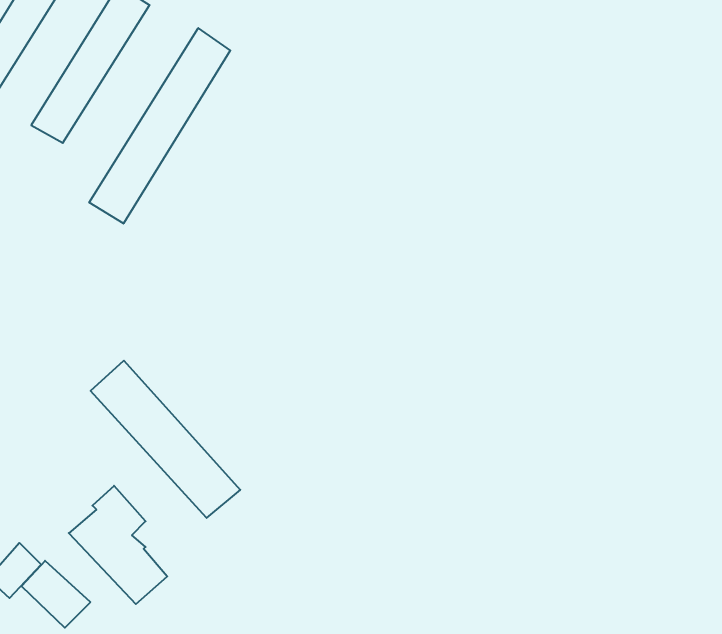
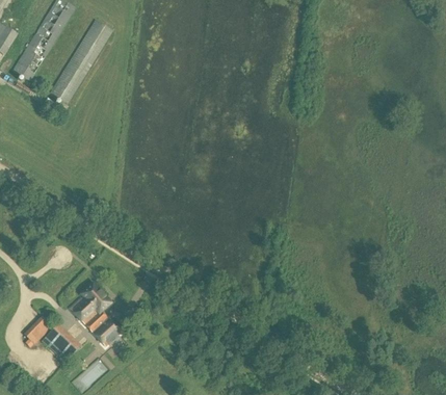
building: [89,28,230,224] -> none
building: [91,361,240,518] -> none

